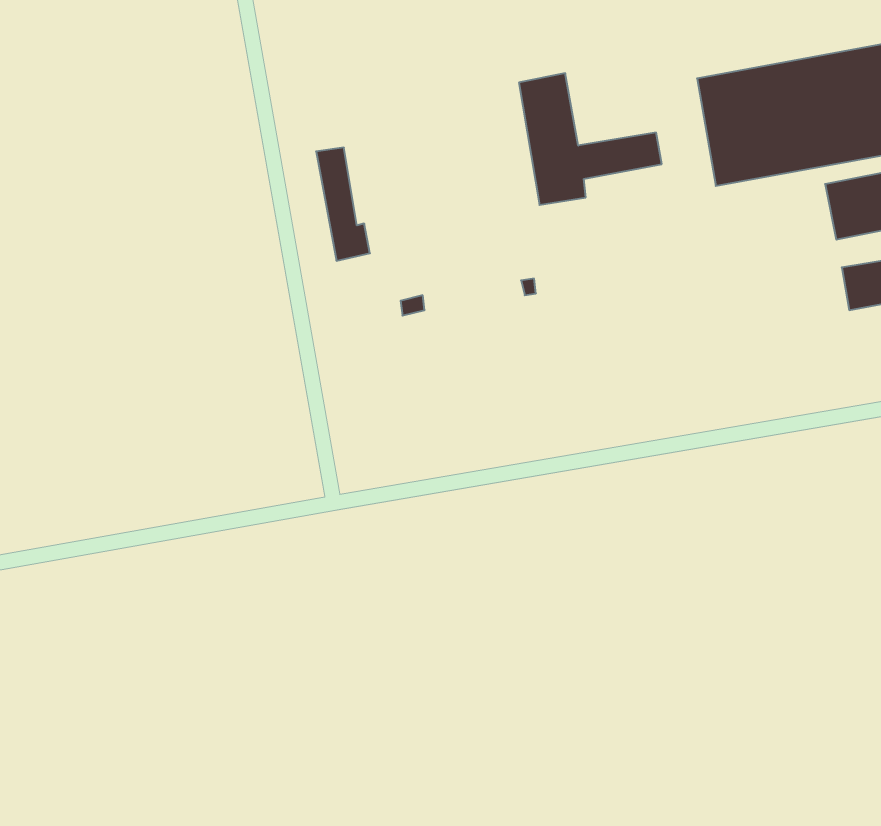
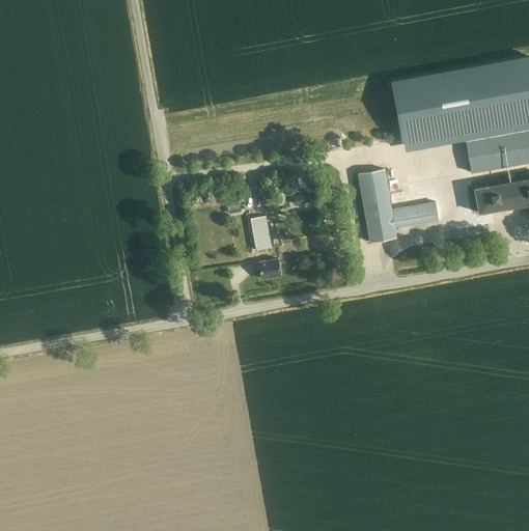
building: [519,73,662,205] -> [358,169,438,243]
building: [316,148,370,261] -> [250,217,280,280]

